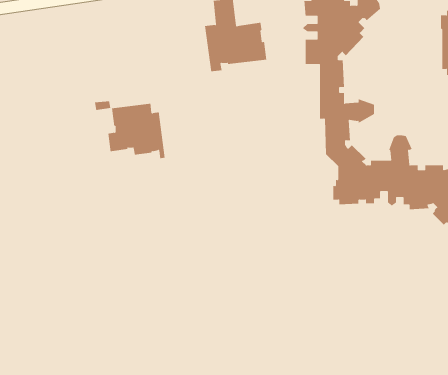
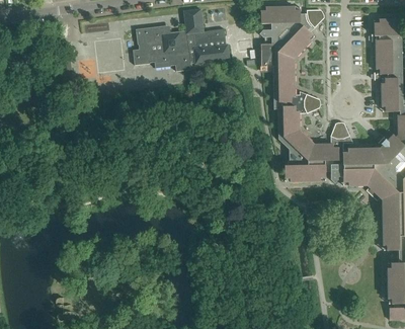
building: [108,103,166,159] -> [134,24,182,71]

